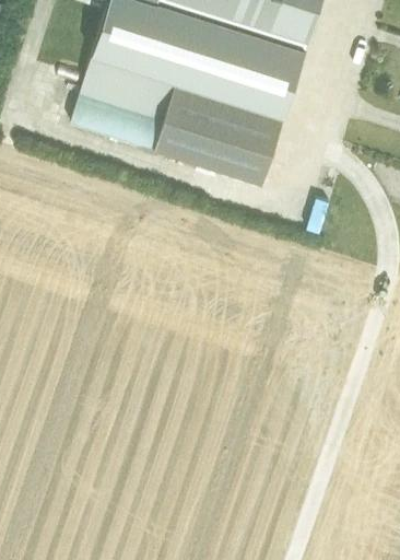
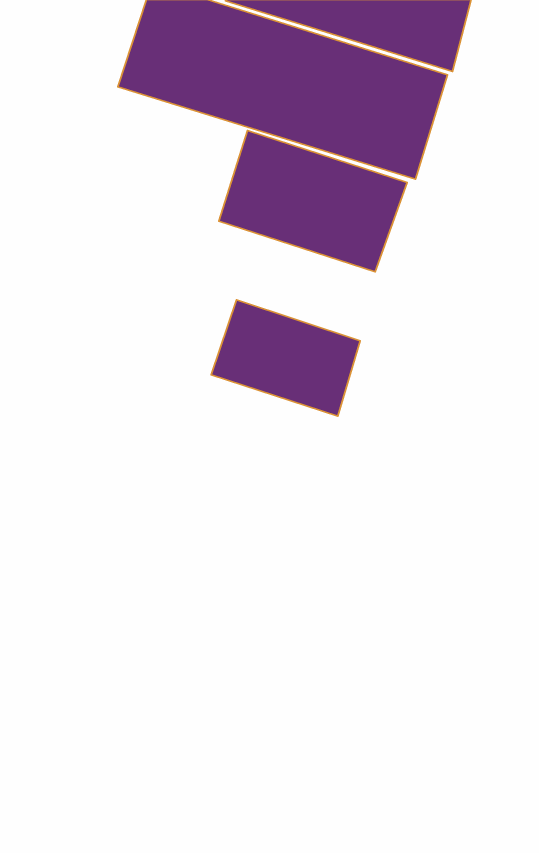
building: [72,63,168,148] -> none
building: none -> [211,300,360,416]

